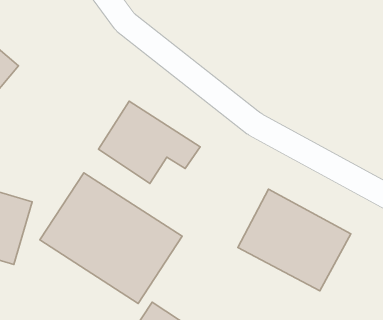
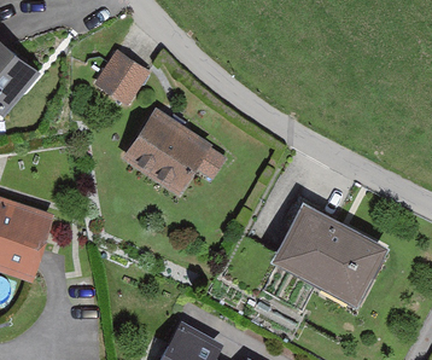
building: none -> [94,48,153,108]
building: [40,173,182,303] -> none

